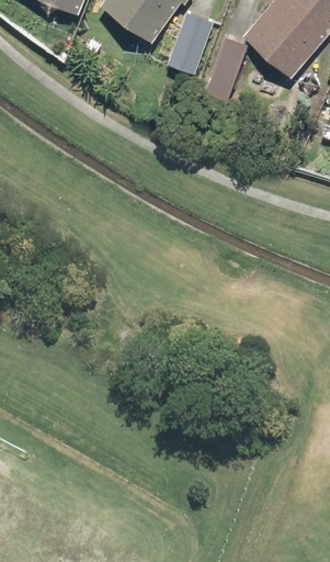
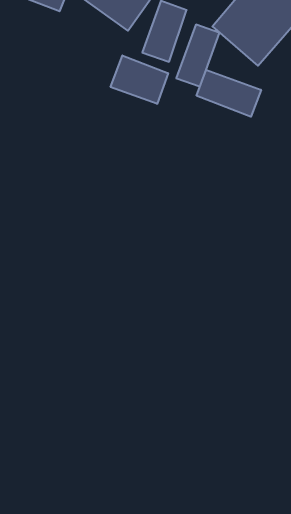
building: none -> [111,55,168,104]
building: none -> [197,70,261,117]

